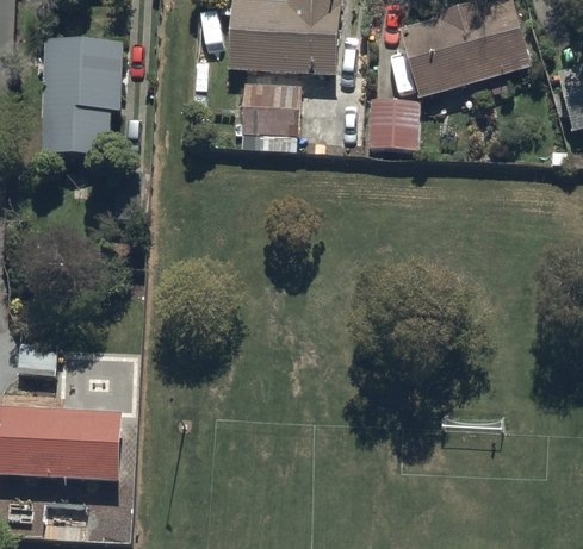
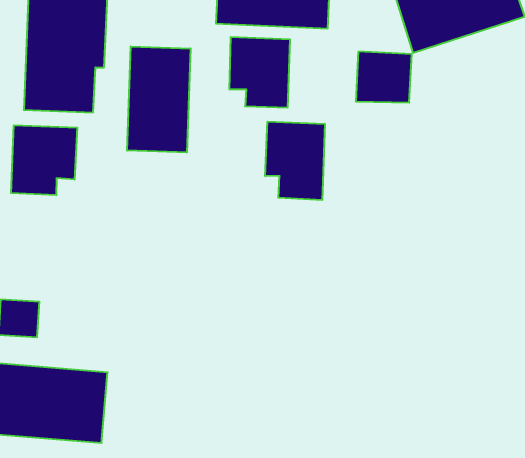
building: none -> [127,46,191,153]
building: none -> [265,122,325,200]
building: none -> [11,125,77,195]

